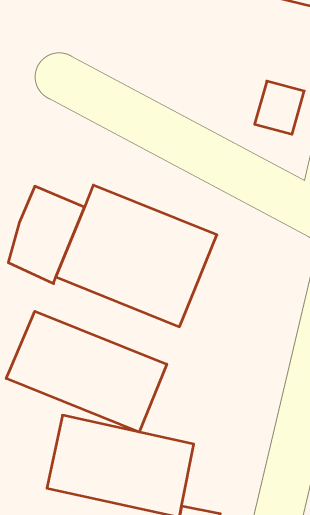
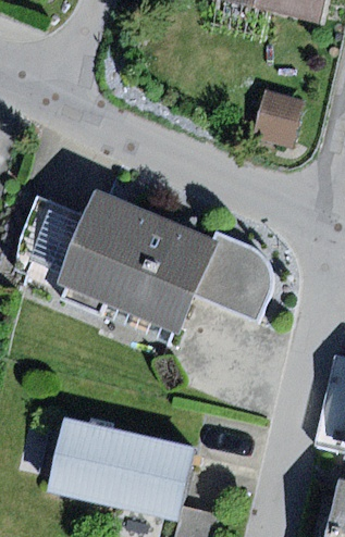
building: none -> [195,233,272,323]
building: [6,311,167,432] -> none

